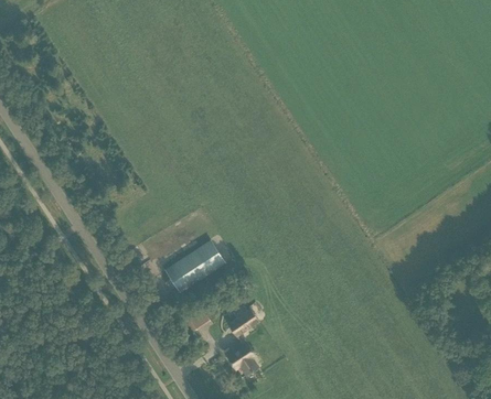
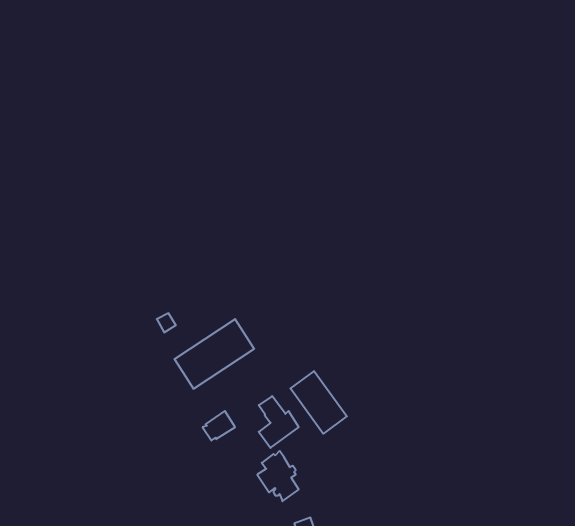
building: none -> [290,371,347,434]

